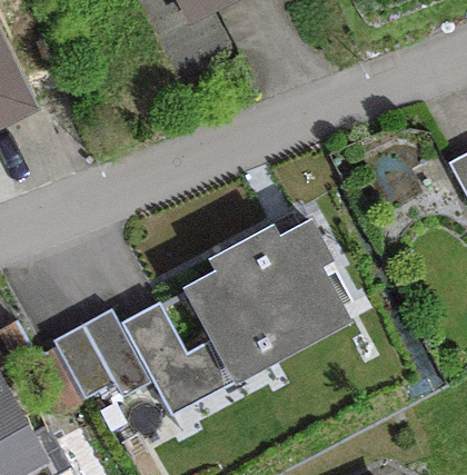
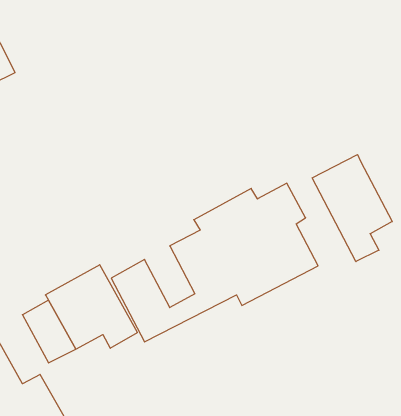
building: none -> [312,155,392,262]

